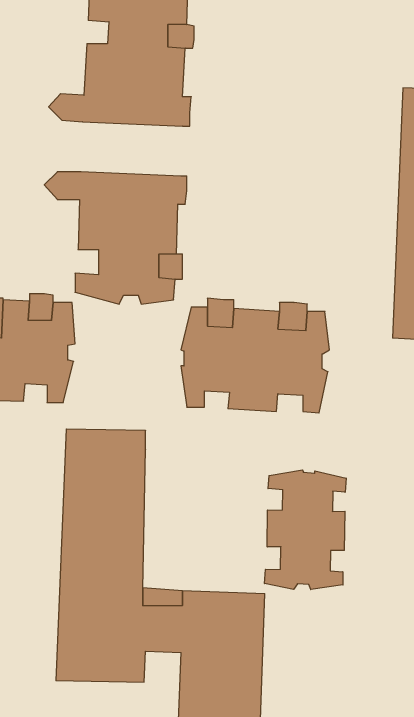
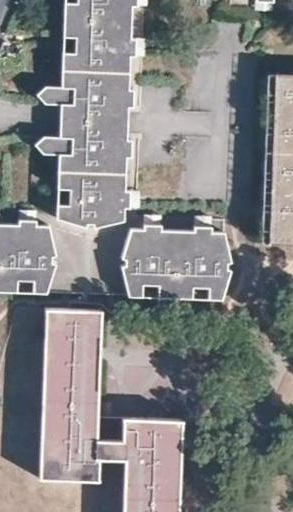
building: none -> [57,101,126,138]
building: [265,470,346,590] -> none

